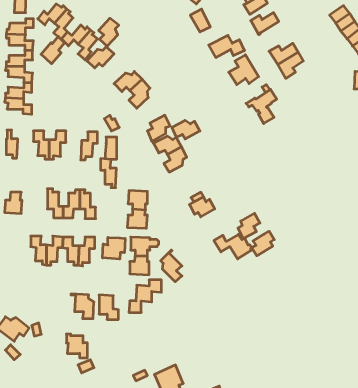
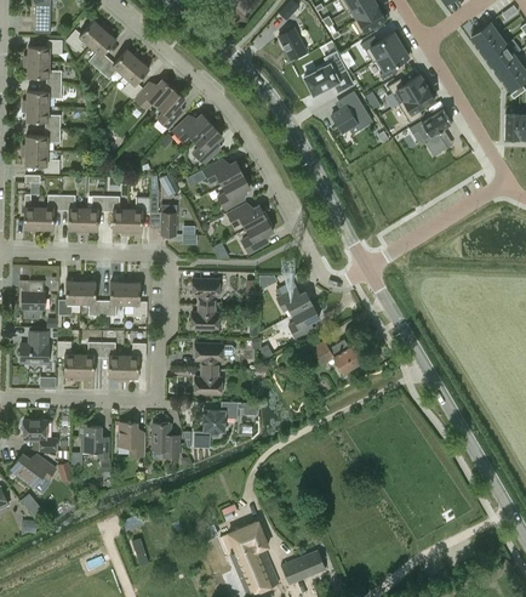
building: [99,18,119,46] -> [156,90,184,129]
building: none -> [375,45,408,81]
building: [41,36,64,64] -> none
building: [246,89,277,124] -> [408,109,451,157]
building: [172,120,200,139] -> [204,160,242,186]
building: none -> [38,195,61,234]
building: [101,159,116,188] -> [105,197,127,237]
building: none -> [57,277,80,317]
building: [238,213,260,239] -> [288,305,319,340]
building: none -> [19,331,48,364]
building: [252,231,274,256] -> none
building: [103,237,125,259] -> none
building: [161,250,182,282] -> none
building: none -> [22,420,57,451]
building: [66,334,87,358] -> [79,425,108,457]

